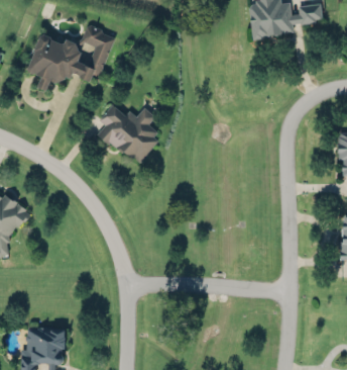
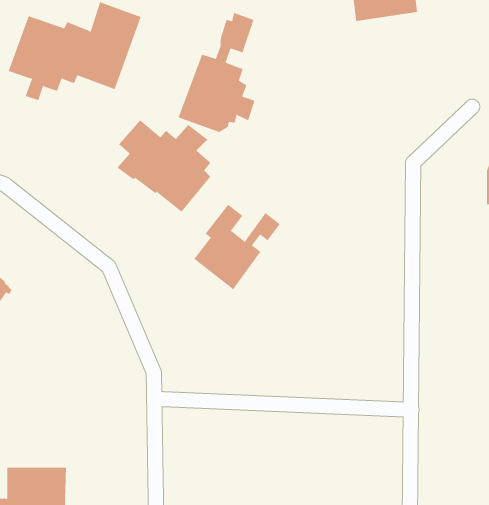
building: none -> [178,12,255,133]
building: none -> [193,204,281,290]

